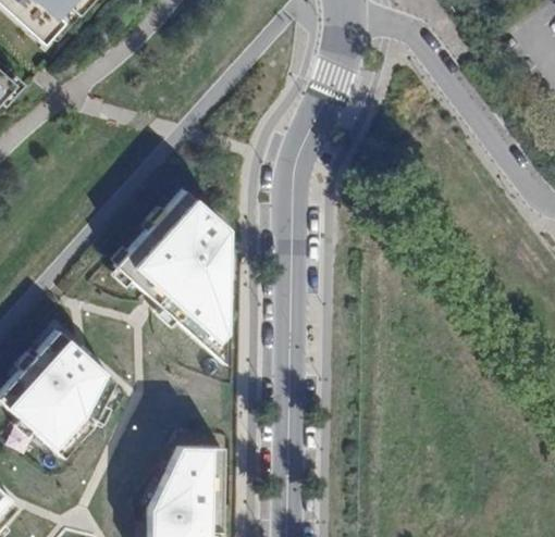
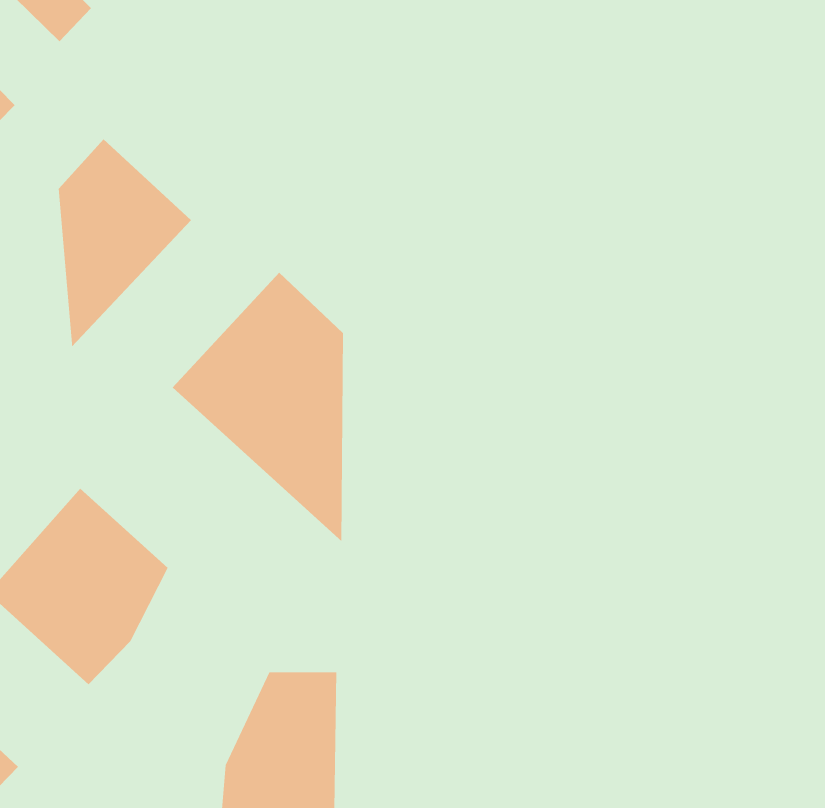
building: none -> [58,138,192,347]

